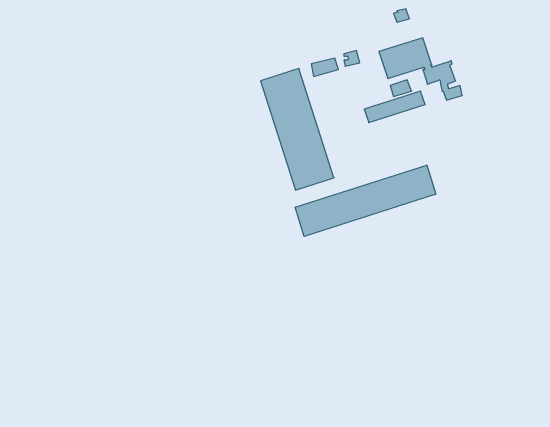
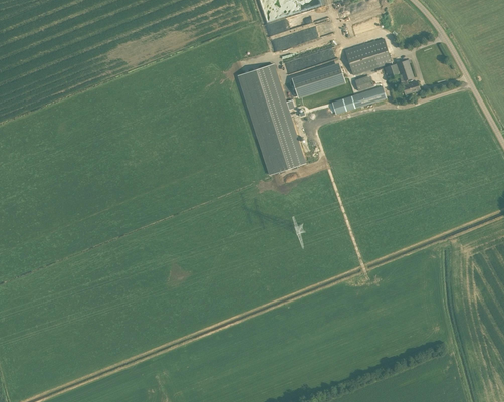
building: none -> [290,61,344,97]
building: [295,165,436,236] -> none

